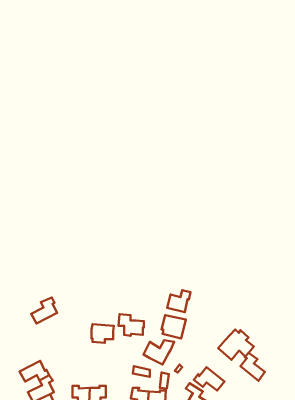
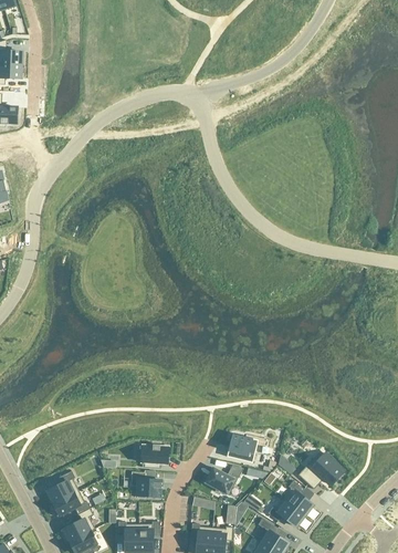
building: [167,290,191,312] -> none
building: [31,298,57,324] -> [46,471,78,503]
building: [119,314,144,336] -> [130,471,161,498]
building: [240,353,265,381] -> [283,481,313,515]

